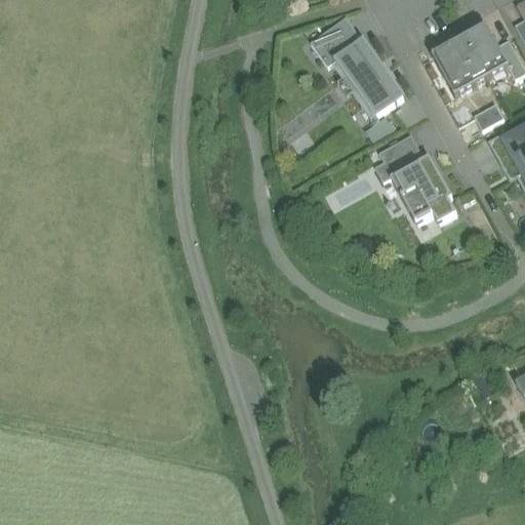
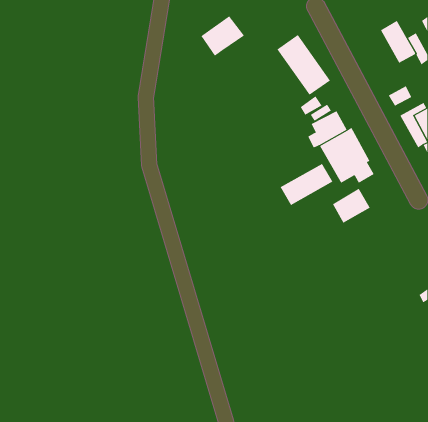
building: [311,17,365,68] -> [200,15,245,56]
building: [433,37,488,96] -> none
building: none -> [280,163,333,206]
building: none -> [332,188,370,224]

